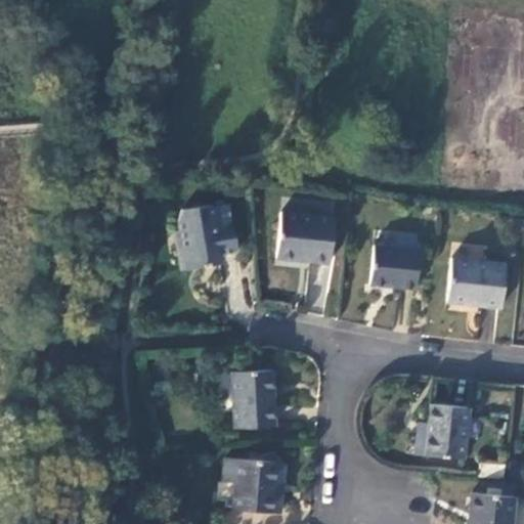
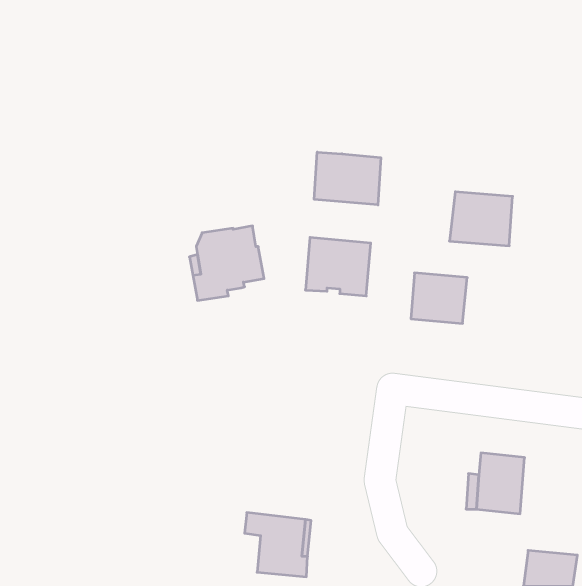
building: none -> [314,152,381,205]
building: [450,260,507,308] -> [449,192,513,246]
building: [232,369,275,428] -> none

